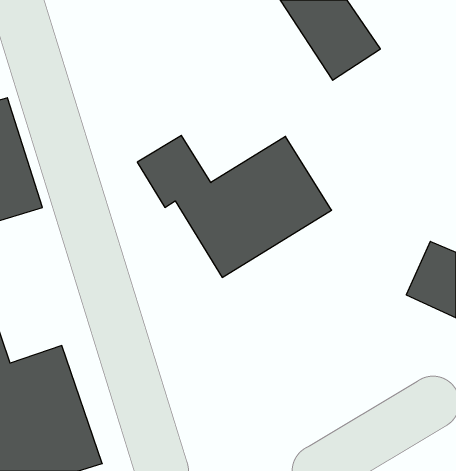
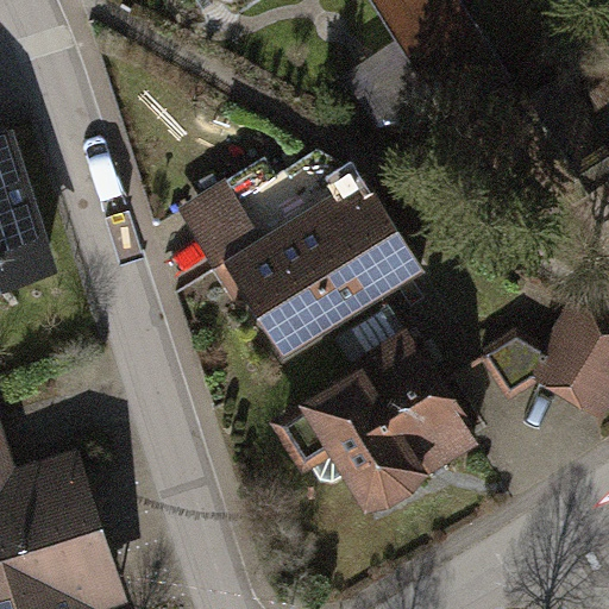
building: none -> [272,332,483,515]

